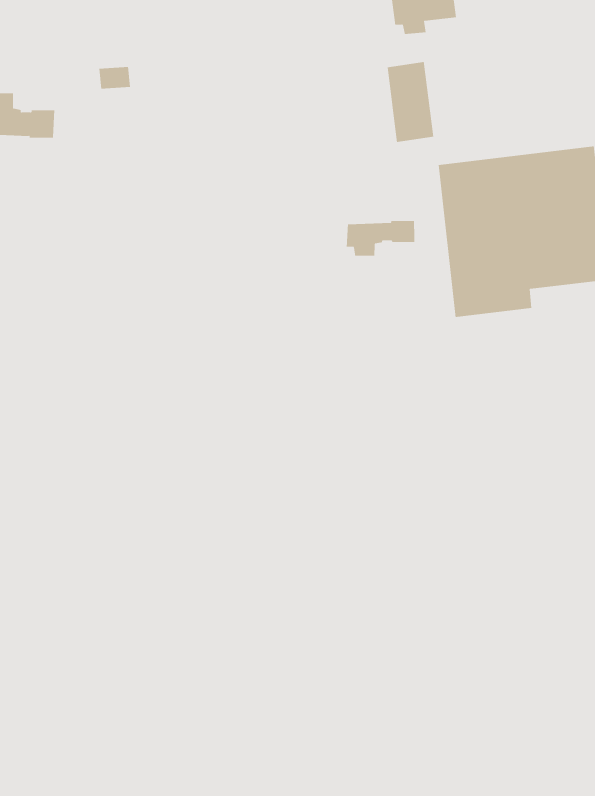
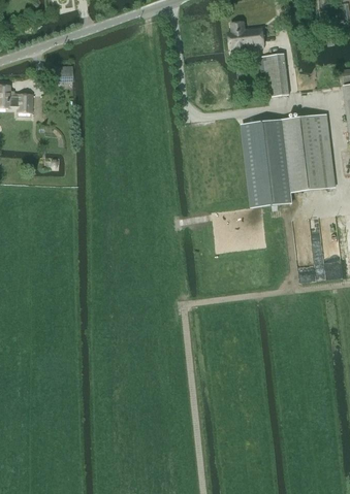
building: [387,61,434,143] -> [255,54,281,98]
building: [346,216,415,256] -> none

